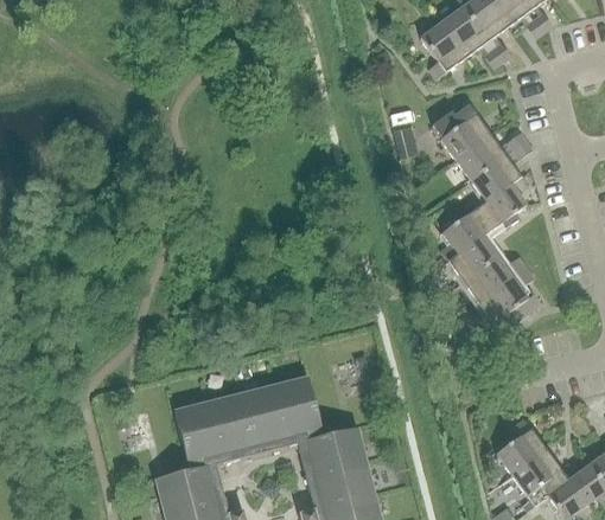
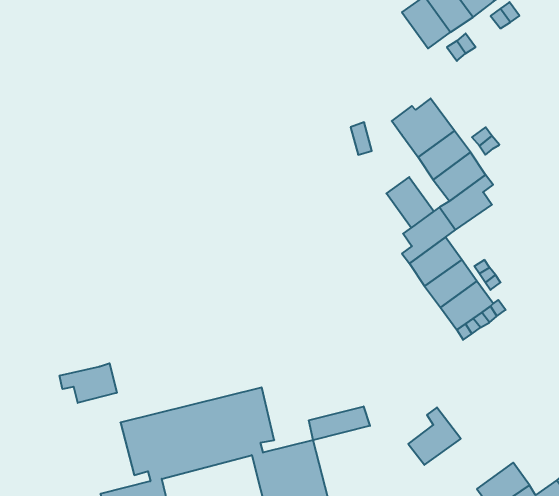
building: [420,21,466,77] -> none
building: none -> [386,177,434,228]
building: none -> [60,363,117,403]
building: none -> [309,406,370,440]
building: [497,418,547,473] -> [408,407,461,465]

